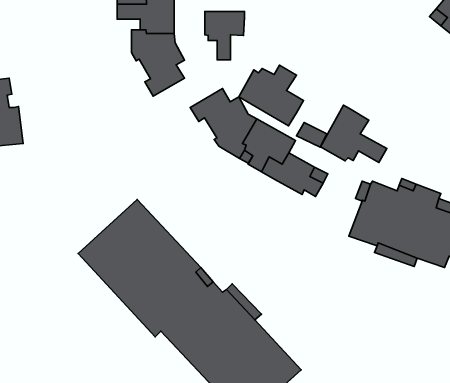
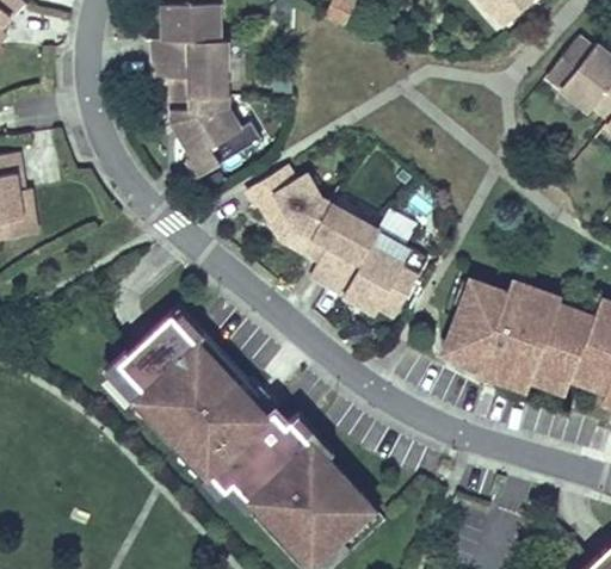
building: [205,11,244,60] -> none
building: [239,65,304,126] -> none
building: [320,105,387,162] -> none

